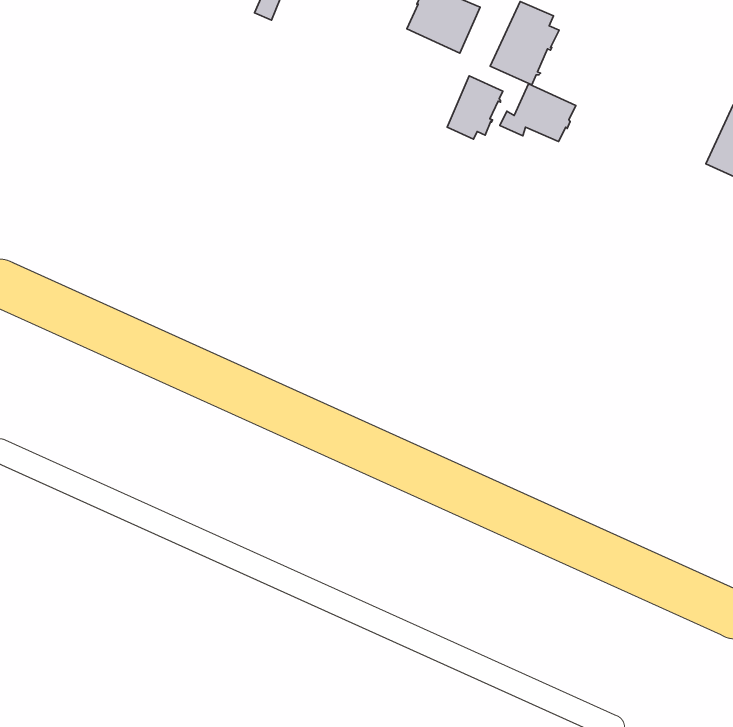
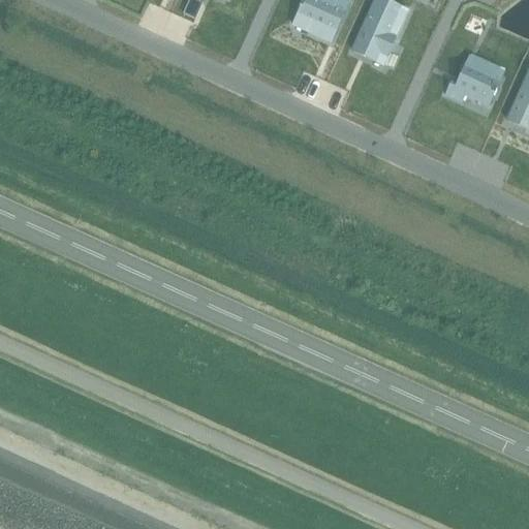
building: [447,76,503,139] -> none
building: [500,84,576,141] -> [446,60,501,101]

